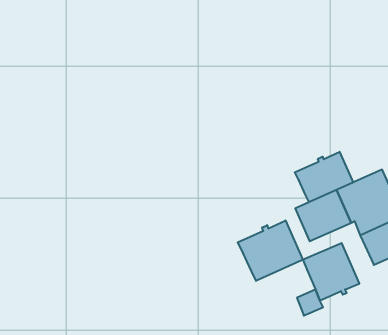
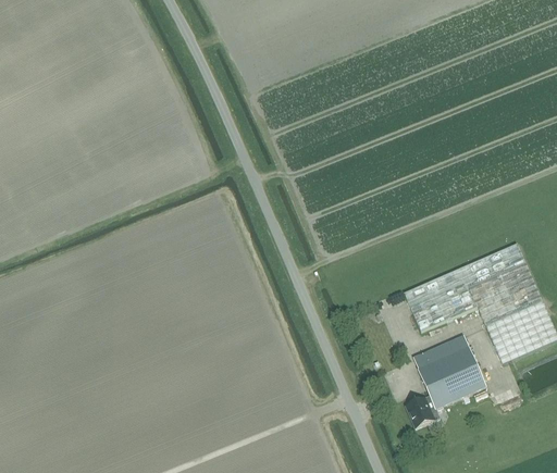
building: [295,152,353,202] -> none
building: [238,220,303,281] -> none

